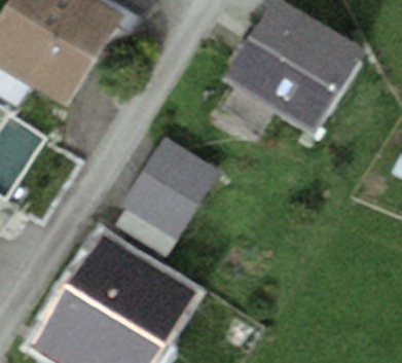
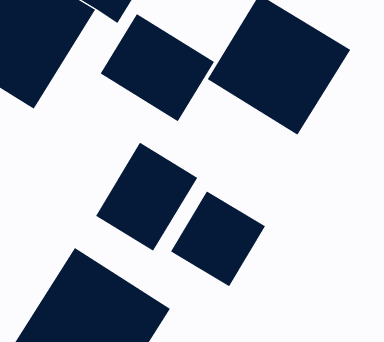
building: none -> [100,13,215,122]
building: none -> [170,190,266,287]

